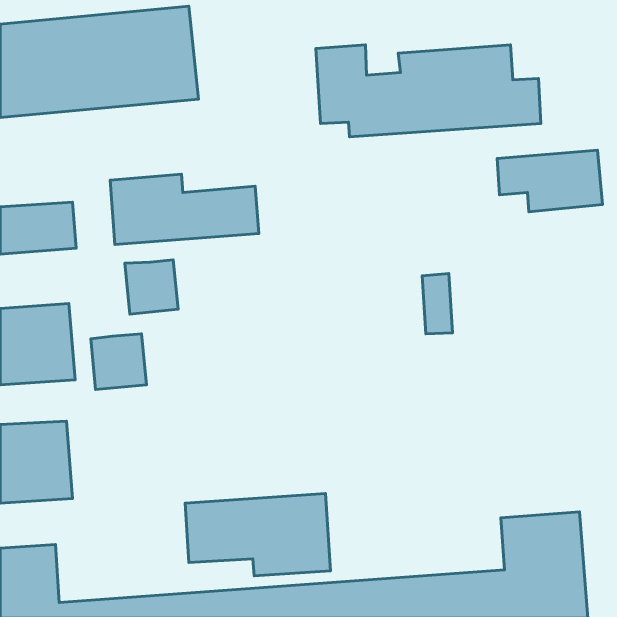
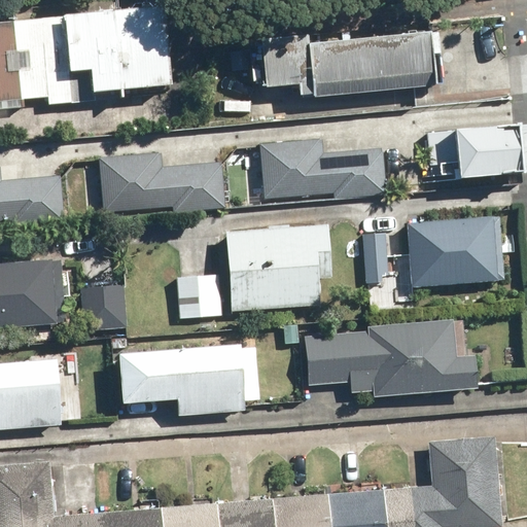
building: none -> [255,137,382,197]
building: none -> [406,218,503,286]
building: [125,260,178,314] -> [175,274,220,320]
building: none -> [224,225,330,313]
building: none -> [296,320,483,397]
building: [185,493,330,576] -> [120,345,244,415]

